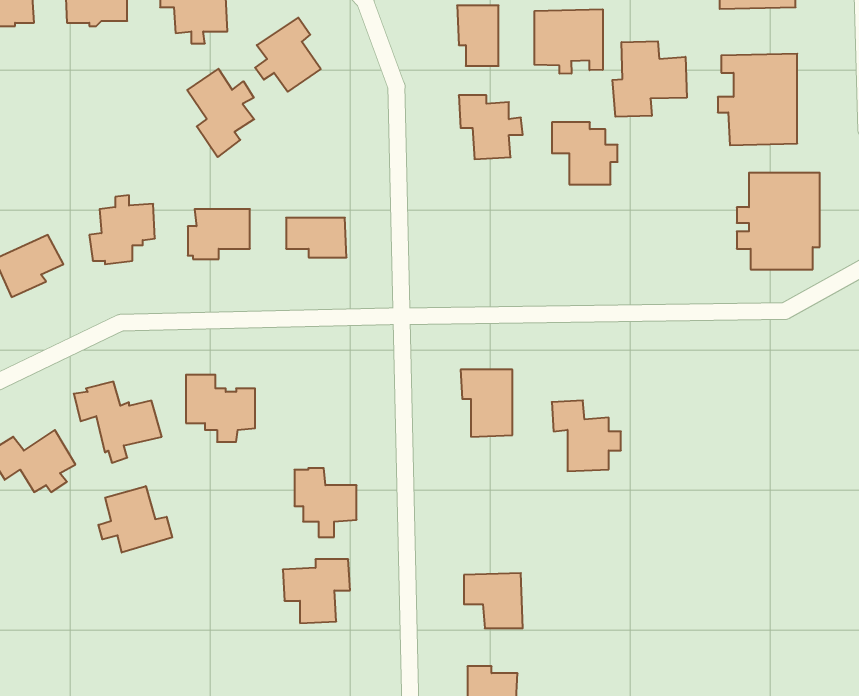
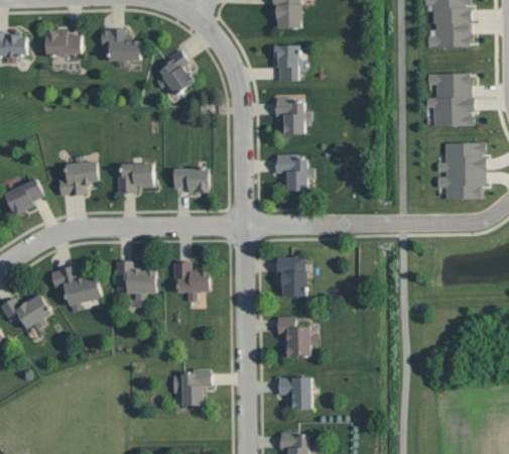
building: [534,9,603,74] -> none
building: [612,41,687,117] -> none
building: [187,69,254,157] -> none
building: [552,122,618,184] -> [275,154,313,191]
building: [552,400,621,471] -> [276,316,316,357]
building: [294,468,357,537] -> [172,260,209,301]
building: [98,486,172,553] -> none

